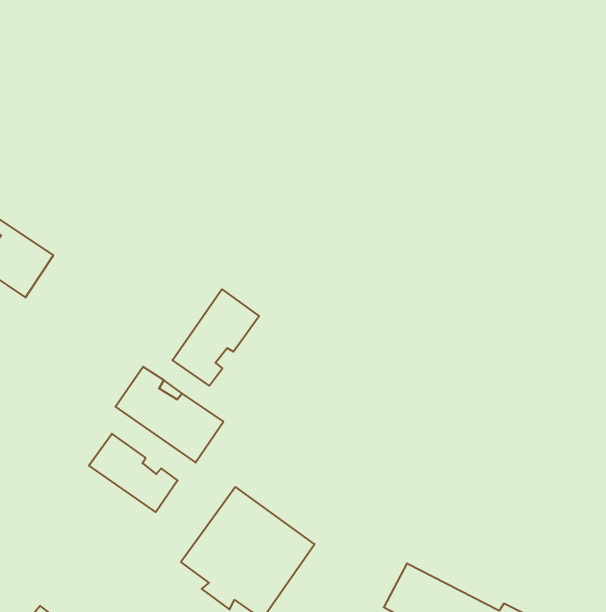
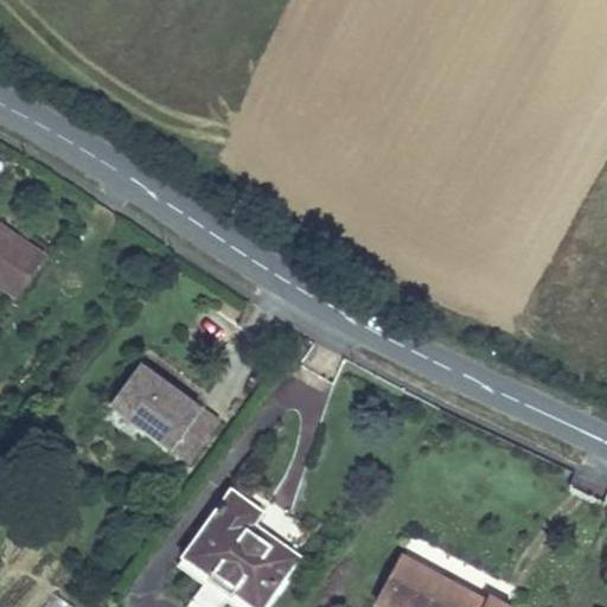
building: [172,289,259,386] -> none
building: [89,434,178,512] -> none

